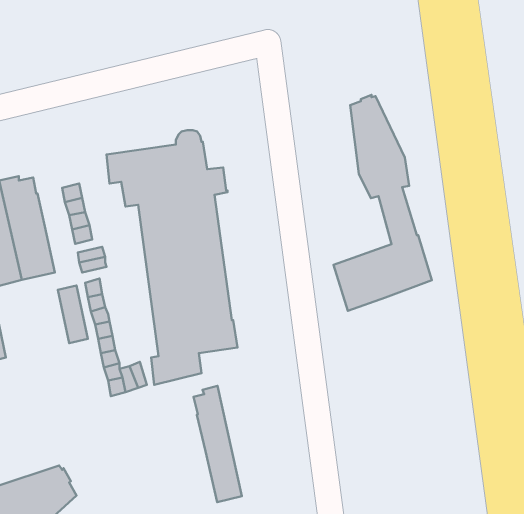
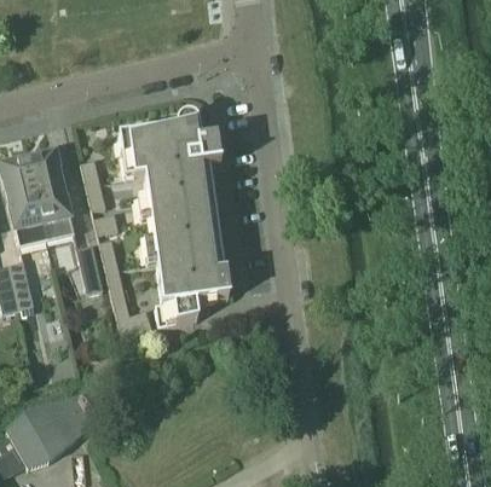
building: [333,95,432,311] -> none
building: [194,386,242,502] -> none

